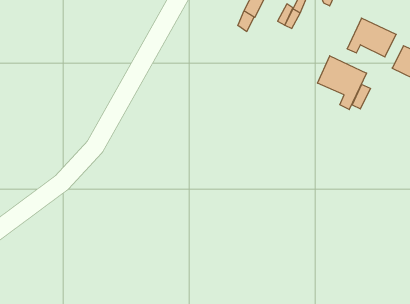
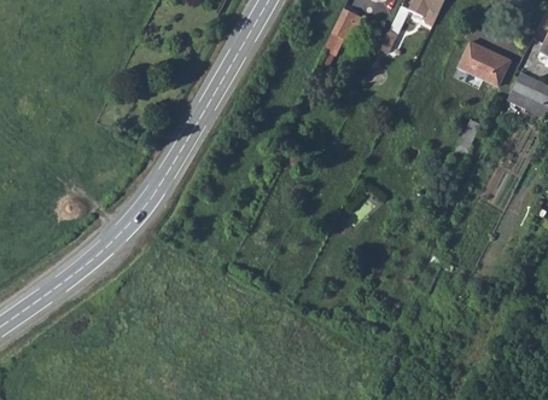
building: [318,56,367,110] -> none

